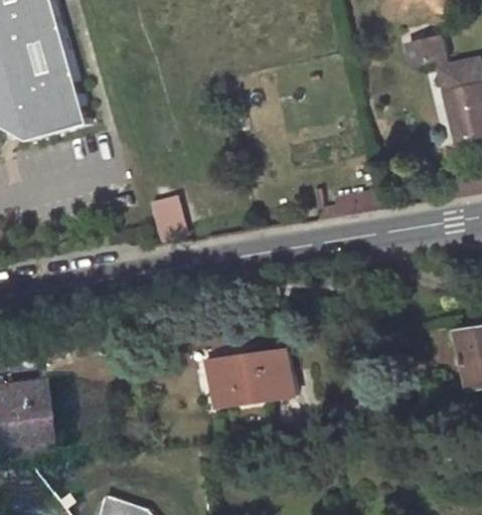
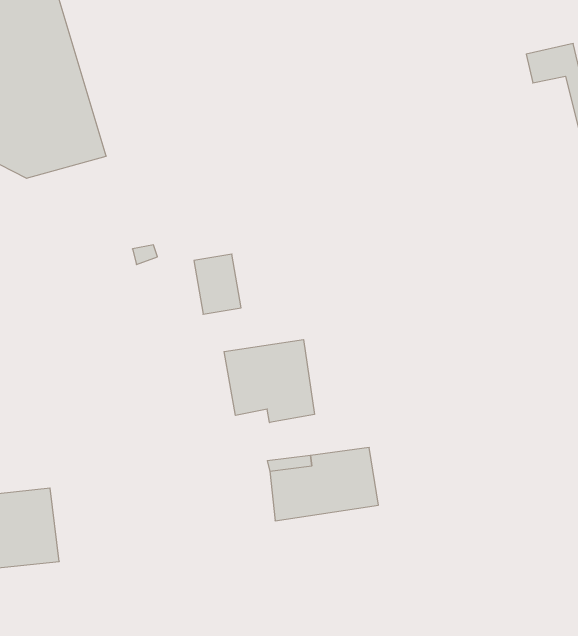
building: none -> [224,340,314,423]

